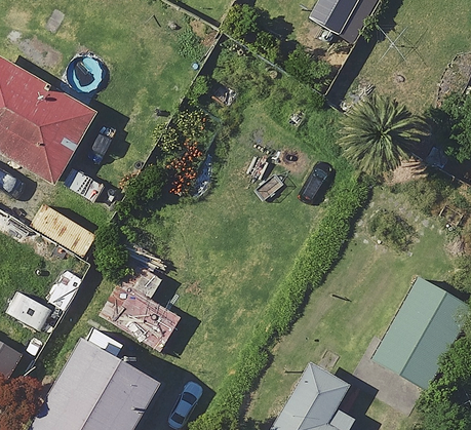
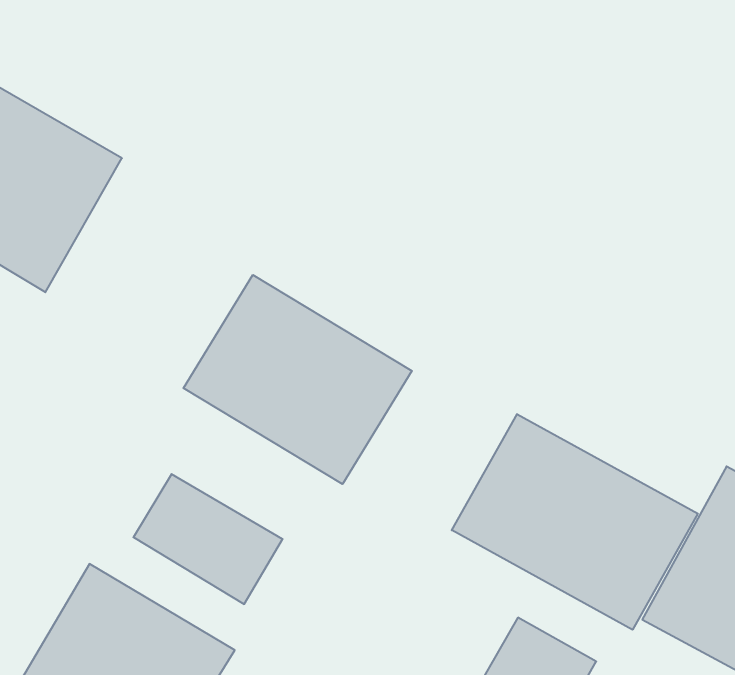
building: none -> [183,275,412,484]
building: none -> [452,414,698,630]

